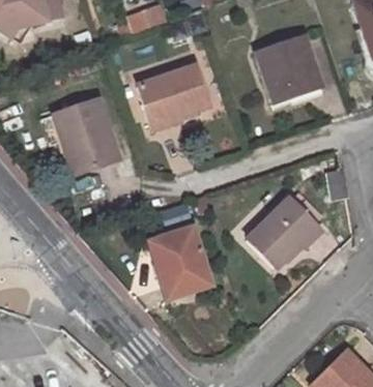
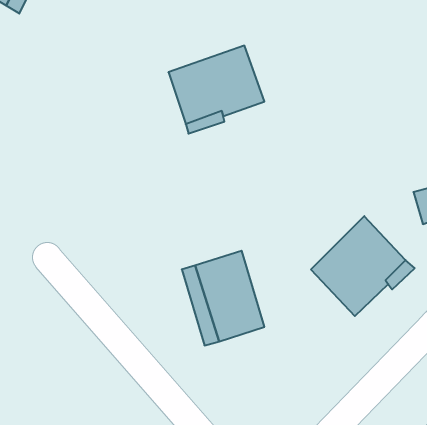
building: [255,36,322,103] -> none
building: [54,98,117,172] -> none

